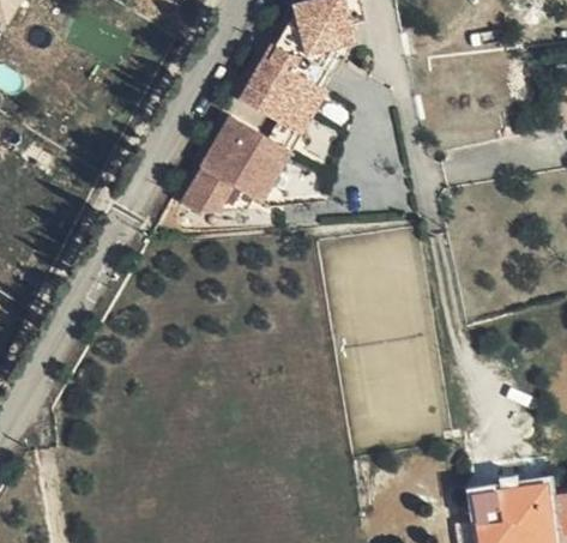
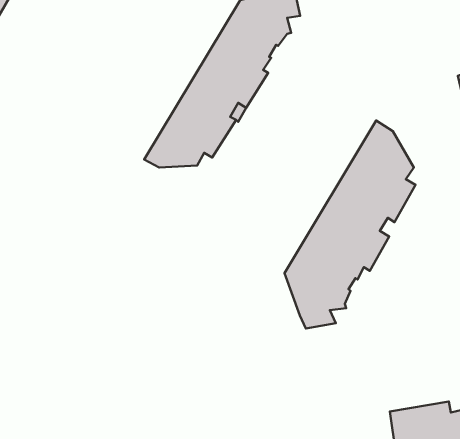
building: none -> [284,120,416,329]

